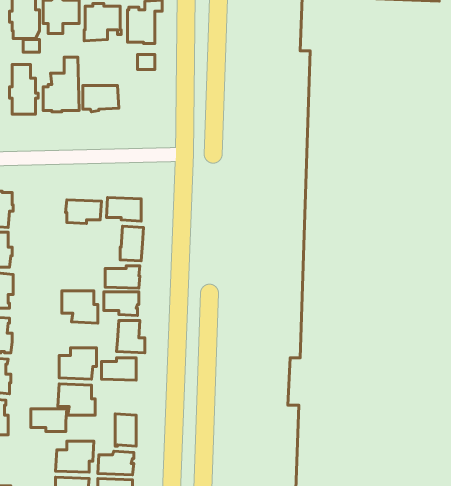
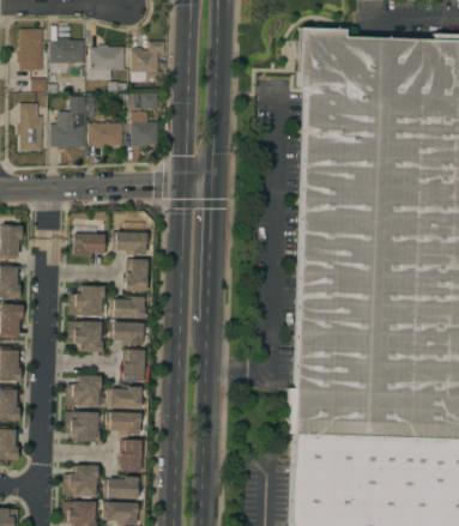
building: none -> [132,113,158,147]
building: none -> [70,286,105,315]
building: [31,409,67,431] -> [105,412,140,434]

